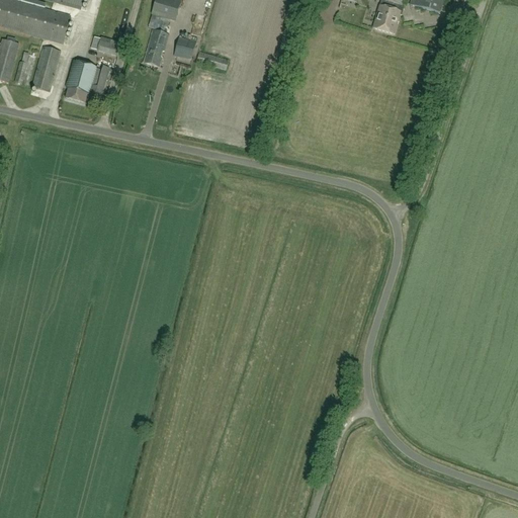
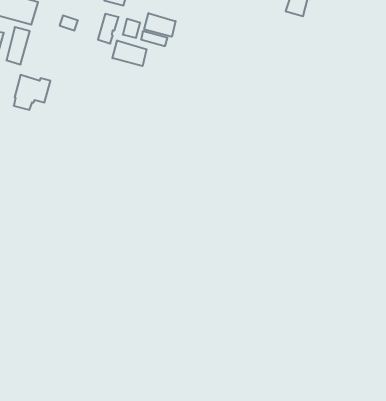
building: none -> [144,13,176,37]
building: [65,60,109,102] -> [14,75,50,110]
building: none -> [112,40,147,66]

